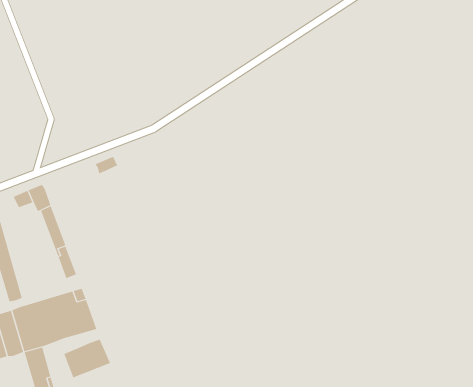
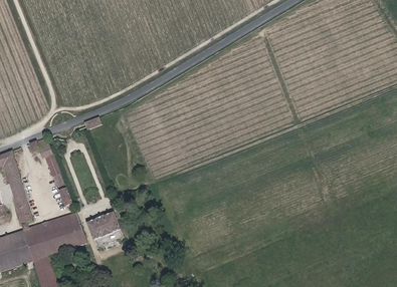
building: [63,339,111,378] -> [86,213,122,242]

